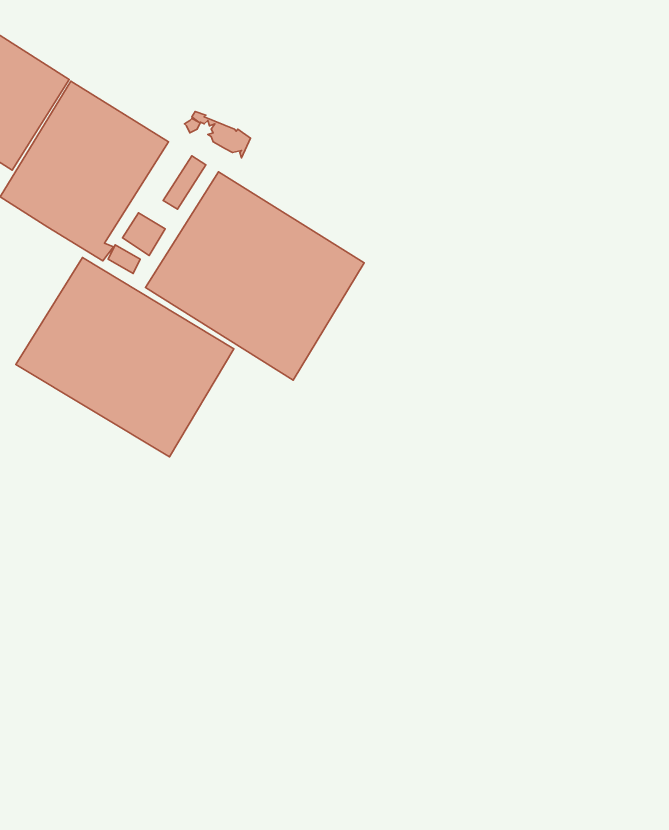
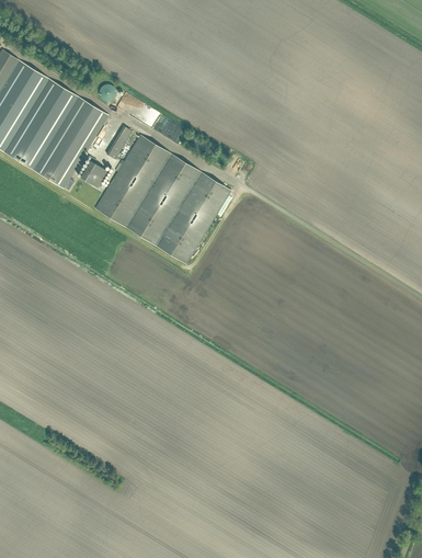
building: [16,257,234,457] -> none

